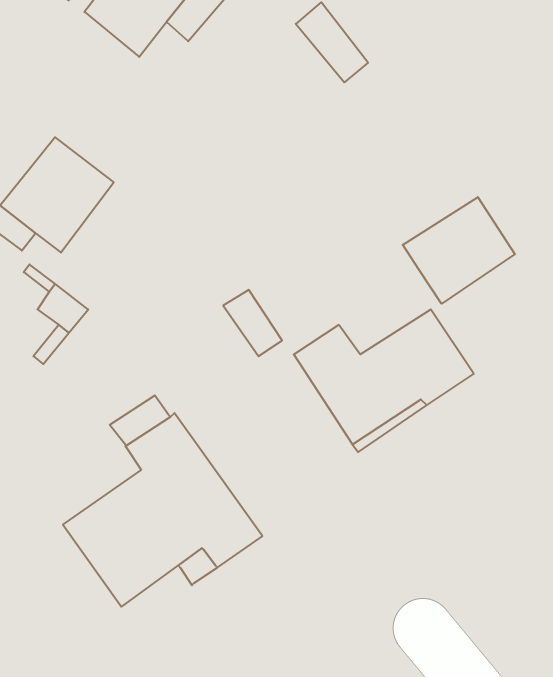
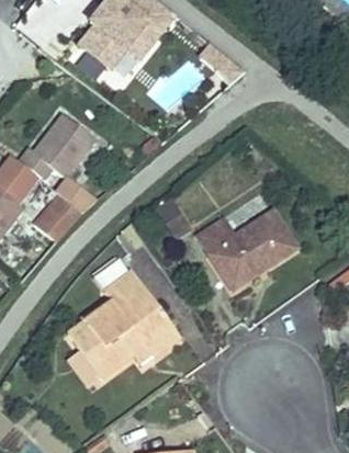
building: [403,197,515,304] -> none

